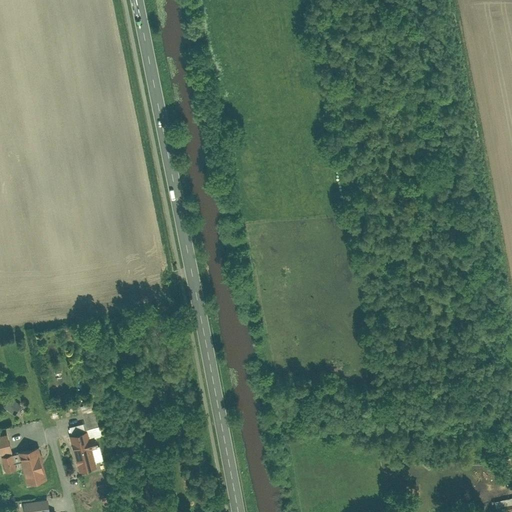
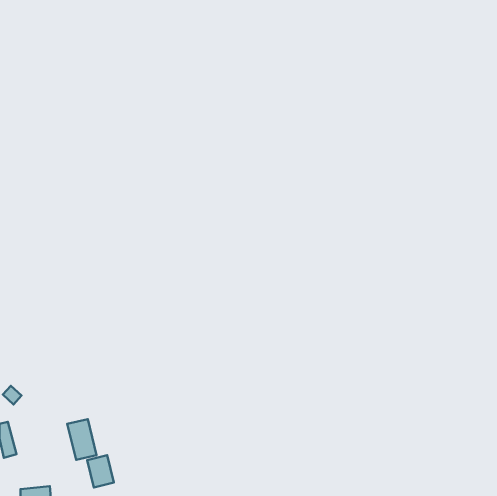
building: [17,448,46,487] -> none
building: none -> [87,455,114,488]

